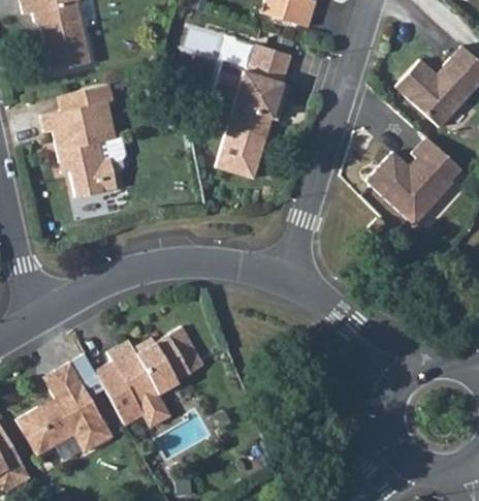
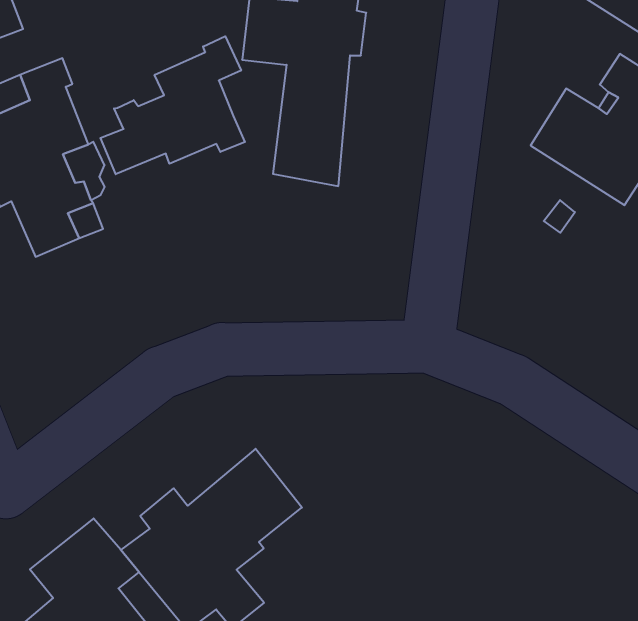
building: none -> [100,36,245,174]

